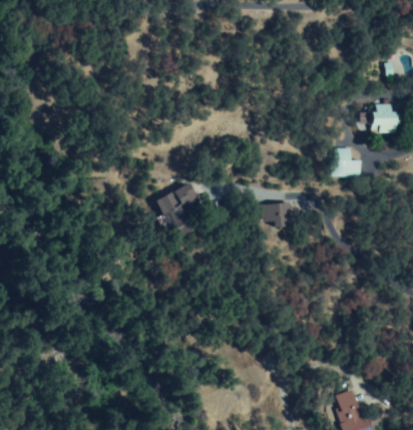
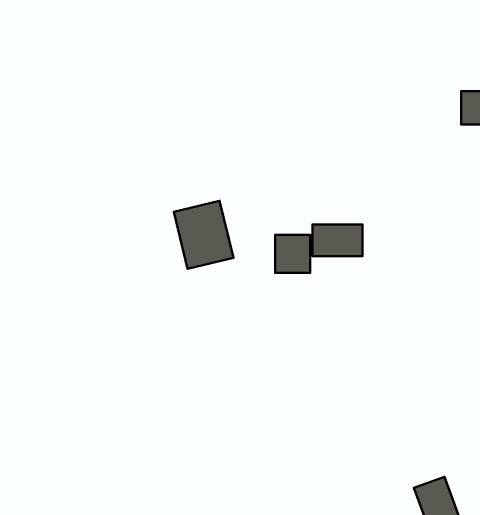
building: [332,147,361,176] -> none
building: none -> [275,235,310,273]

